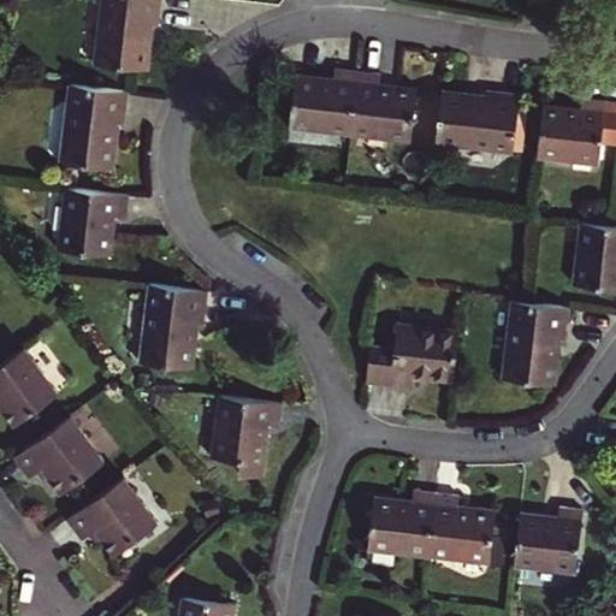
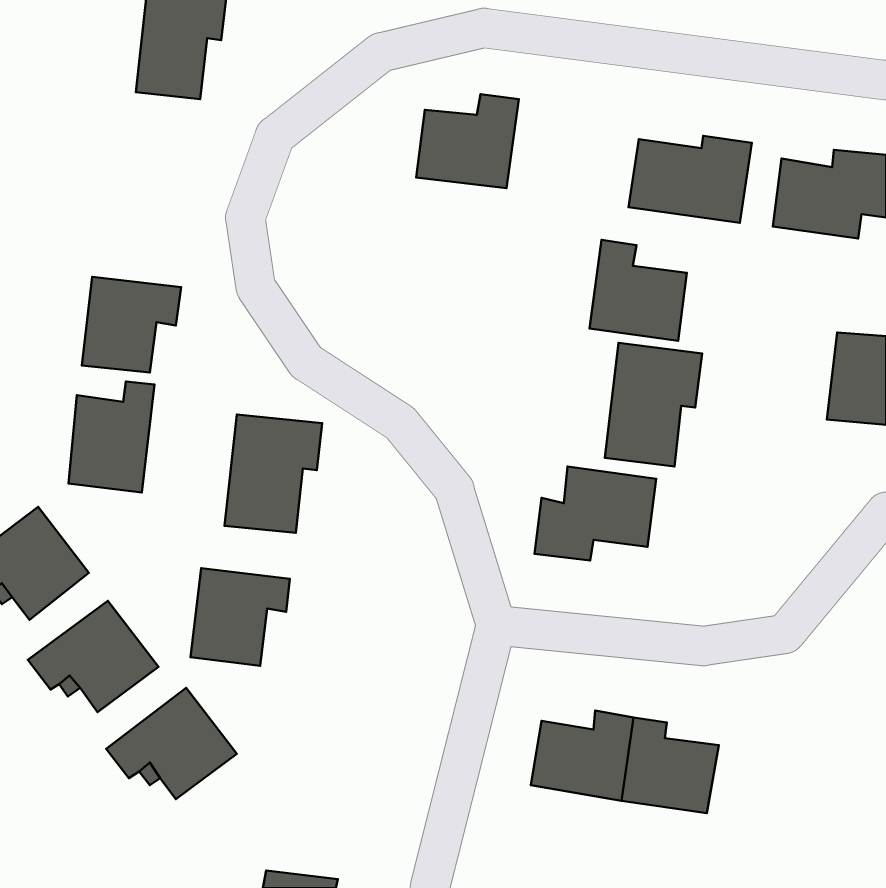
building: [350,69,417,138] -> [589,240,687,341]
building: [58,87,124,168] -> none
building: none -> [68,382,155,492]
building: [497,307,564,392] -> [605,343,702,467]
building: [217,397,285,464] -> [191,568,290,666]
building: [514,505,582,570] -> none

